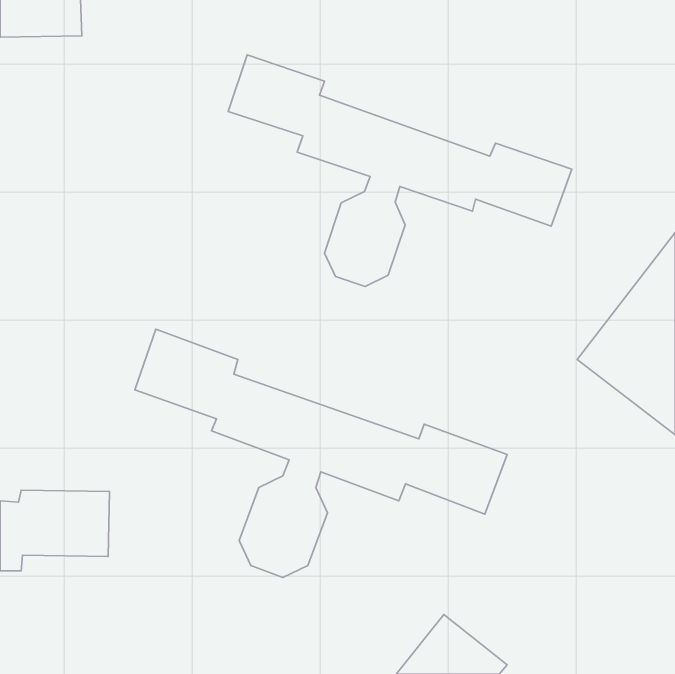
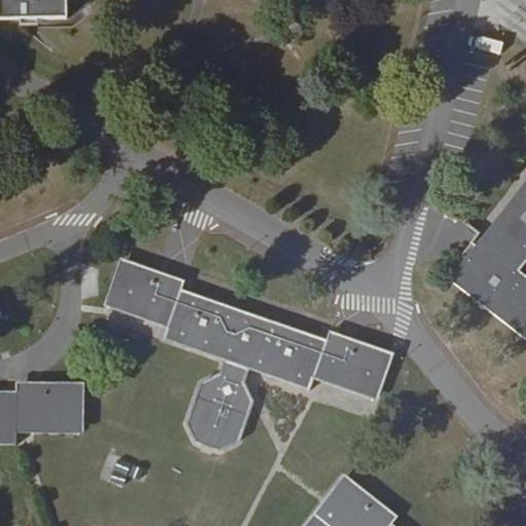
building: [228,55,572,286] -> none

